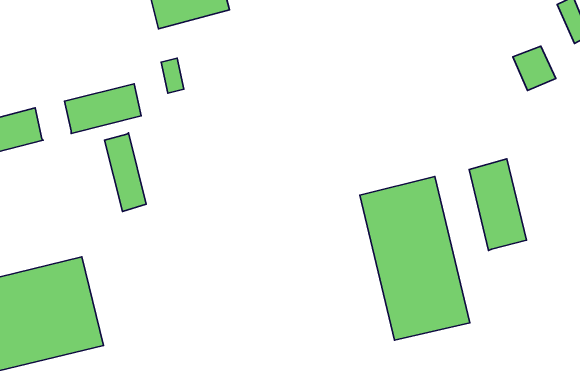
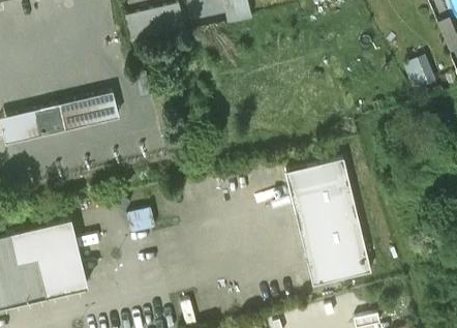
building: none -> [35,101,63,130]
building: [105,133,146,212] -> none
building: [469,159,526,251] -> none

